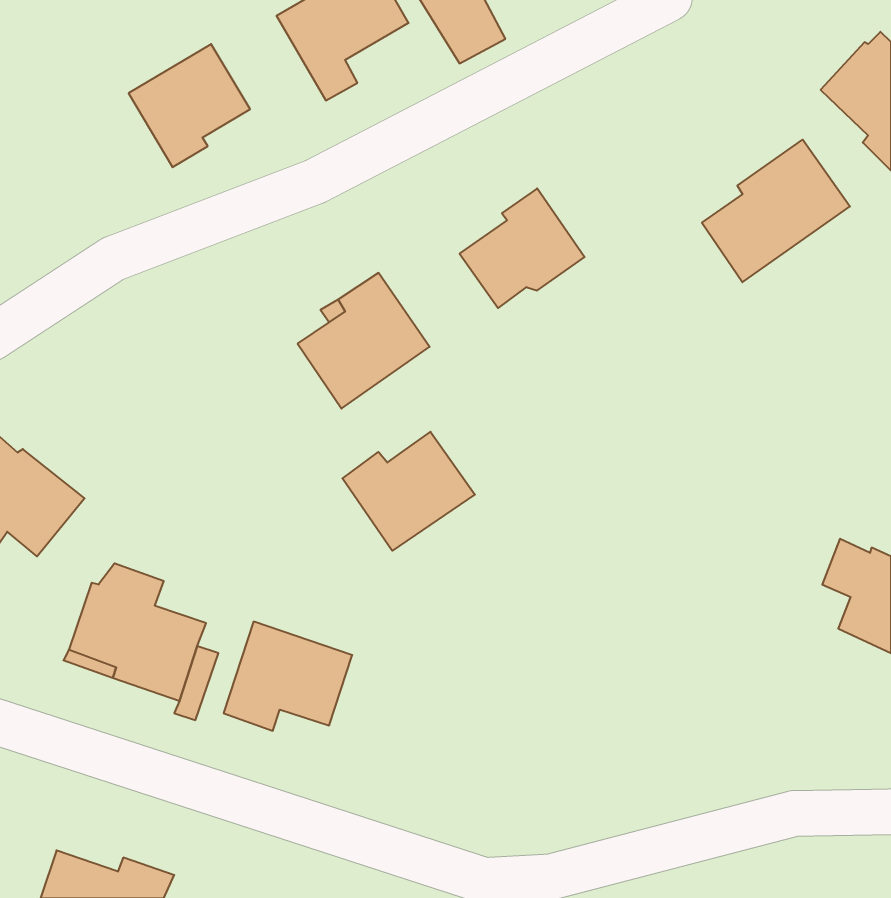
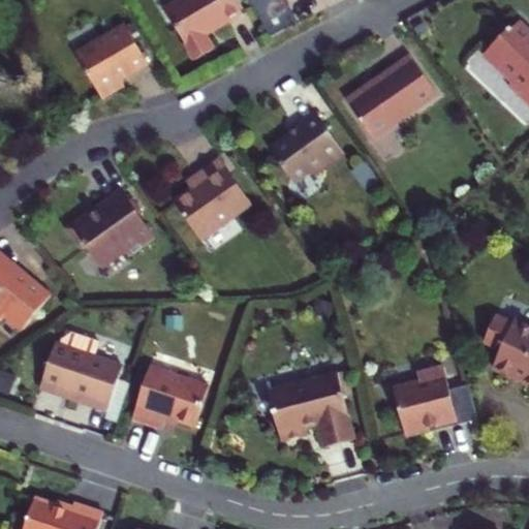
building: [702,140,850,282] -> [349,54,436,137]
building: none -> [67,188,155,261]
building: [342,432,475,551] -> none
building: none -> [393,365,477,436]
building: none -> [269,372,354,446]

